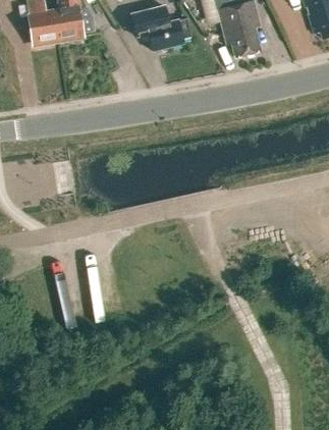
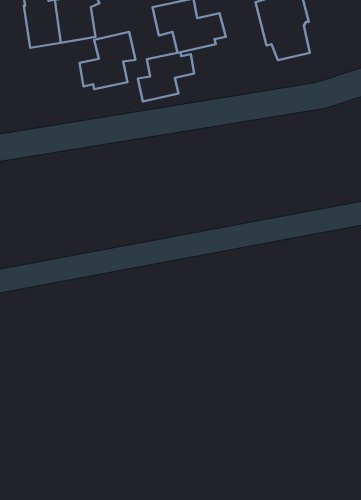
building: none -> [79,32,135,89]
building: none -> [138,52,194,102]

